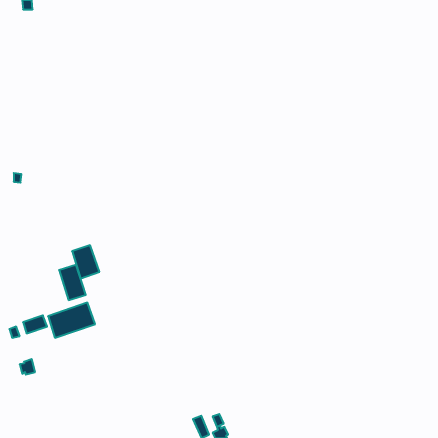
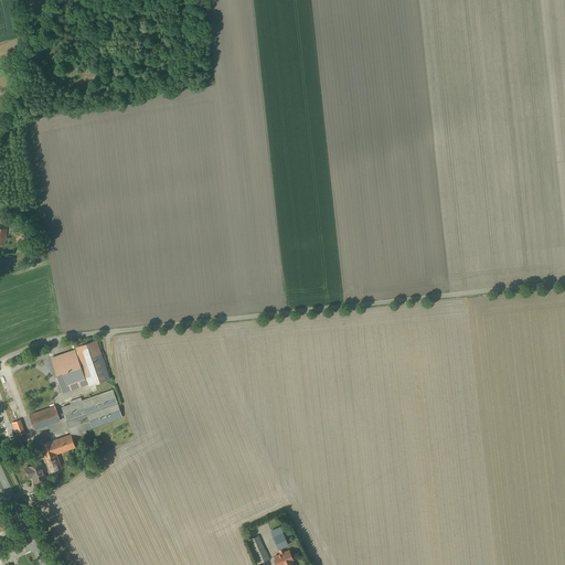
building: [72,245,99,279] -> [51,350,86,393]
building: none -> [40,435,76,475]

